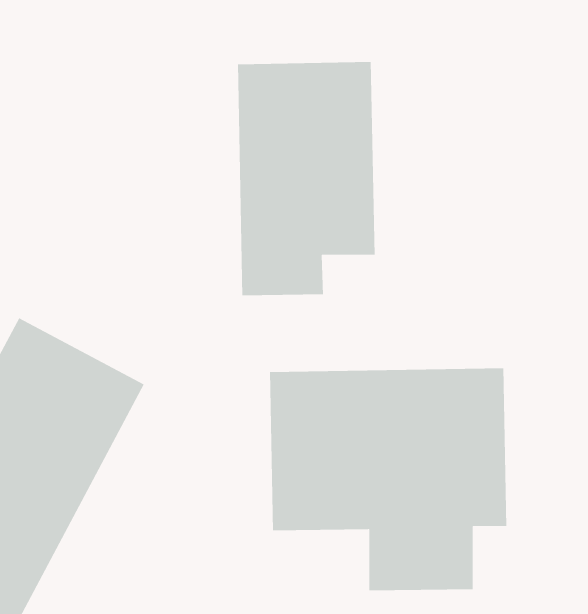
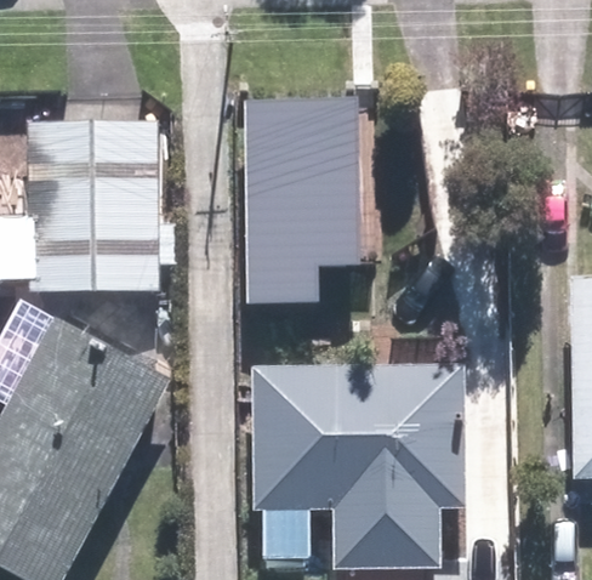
building: none -> [38,125,161,289]

